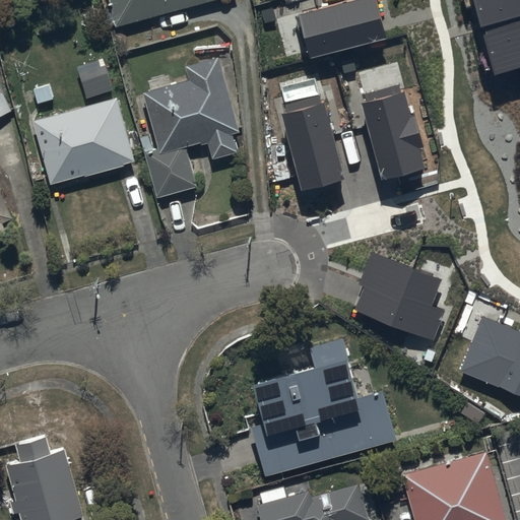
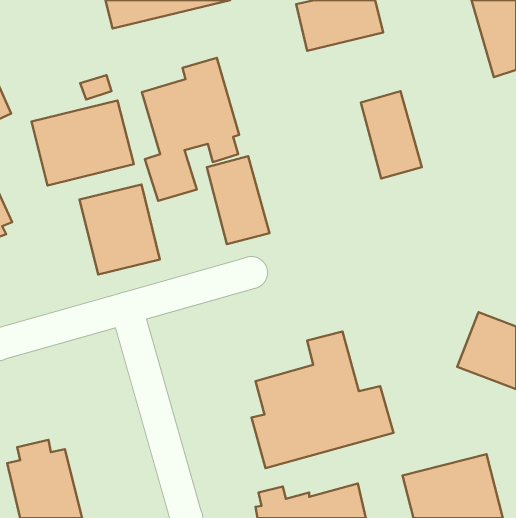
building: [281,101,344,189] -> [207,156,270,244]
building: none -> [80,185,160,275]
building: [356,247,442,336] -> none

